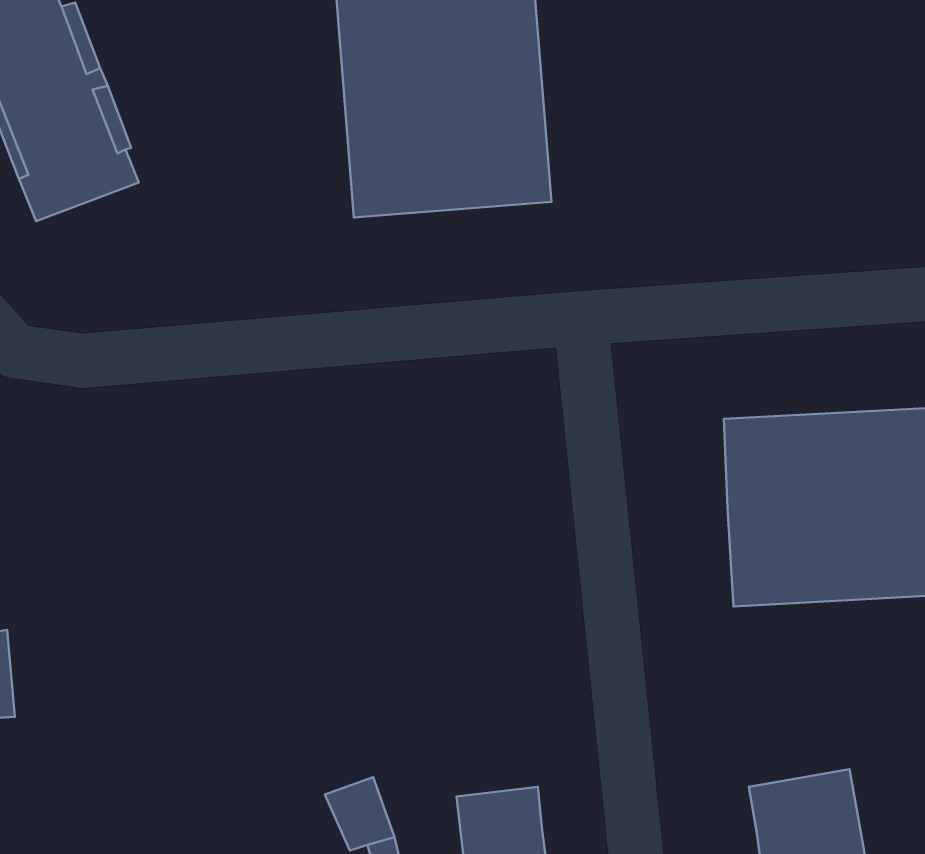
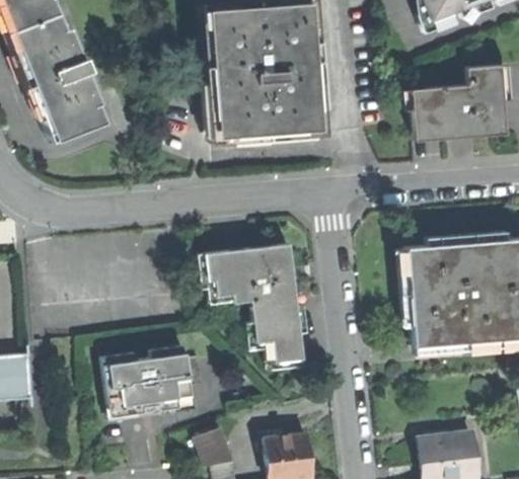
building: none -> [413,68,507,137]
building: none -> [209,248,304,365]
building: none -> [102,346,205,407]

